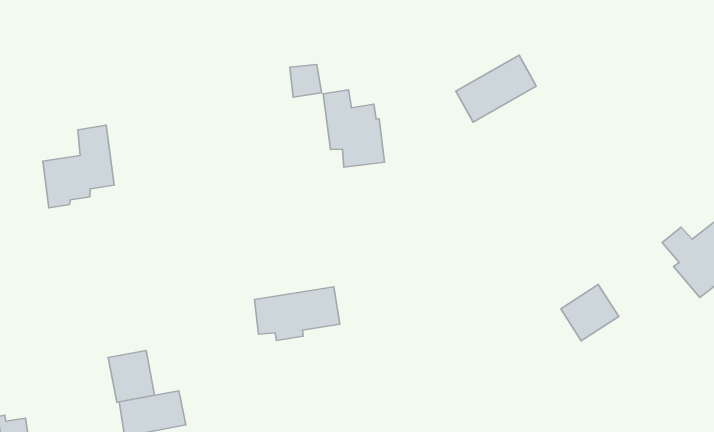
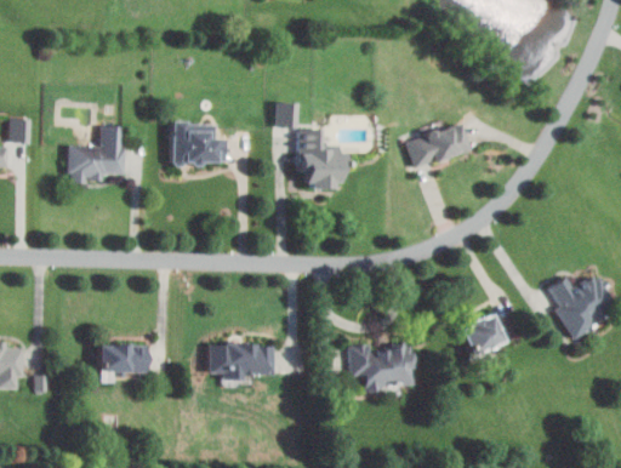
building: none -> [171,122,224,164]
building: [255,287,340,340] -> [207,344,273,379]
building: none -> [348,344,414,390]
building: [108,351,155,402] -> none

